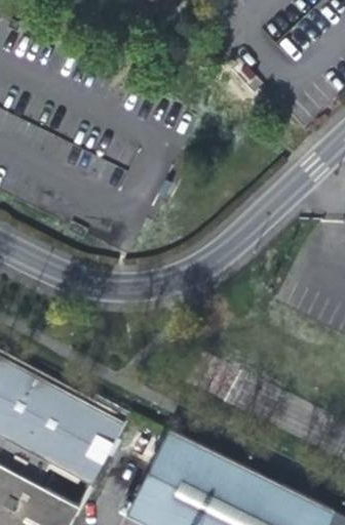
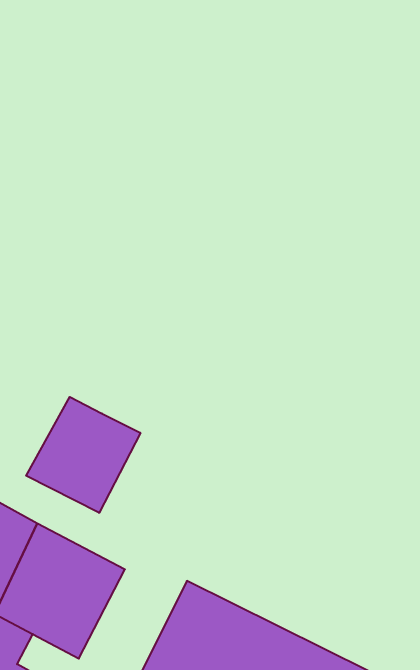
building: none -> [26,397,140,513]

